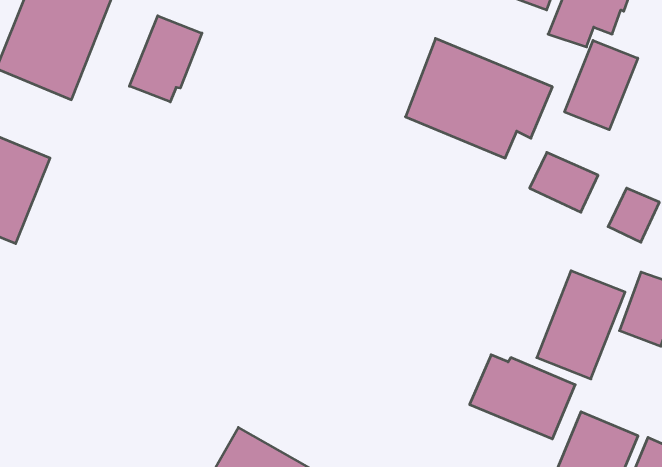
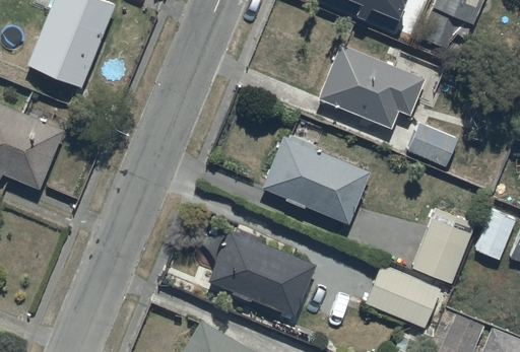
building: [129,16,202,102] -> none
building: [565,40,638,130] -> none
building: none -> [262,137,370,224]
building: none -> [206,230,316,318]

